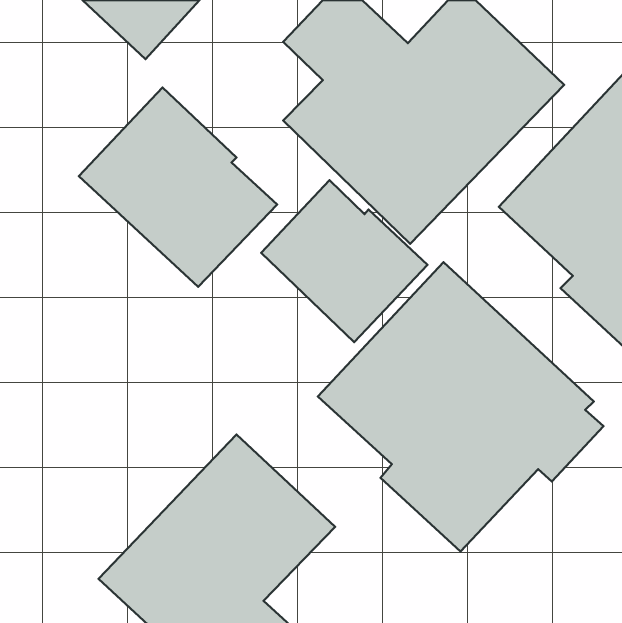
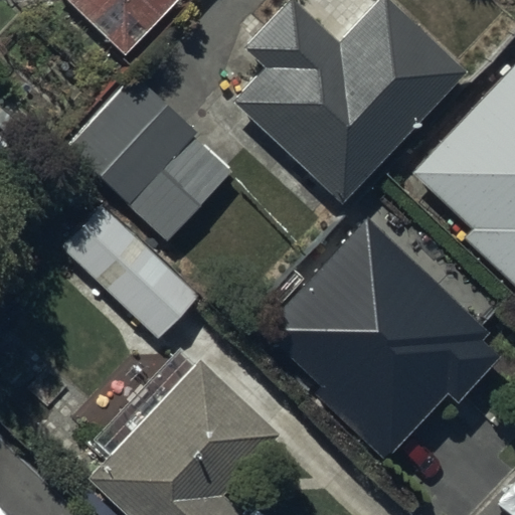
building: [261,180,427,342] -> none
building: none -> [61,206,198,338]

